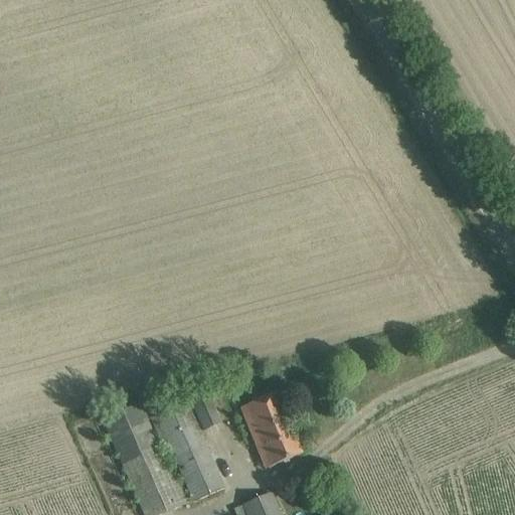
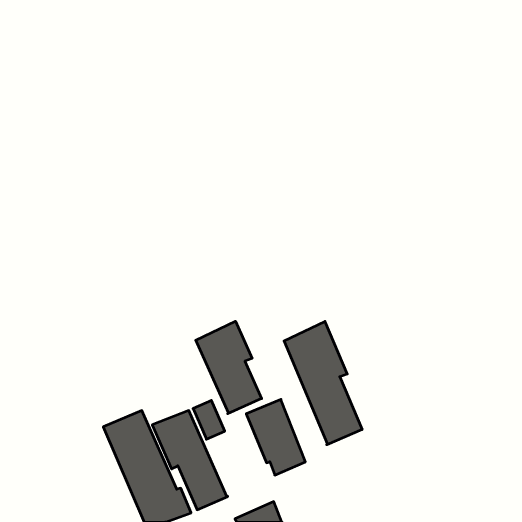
building: none -> [196,321,262,414]
building: none -> [284,321,362,445]

